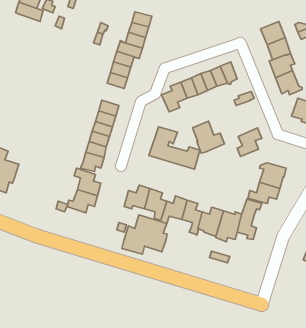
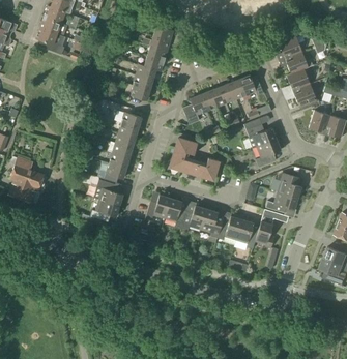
building: none -> [36,27,65,54]
building: [193,121,224,153] -> [244,117,276,148]
building: [122,215,167,254] -> none

